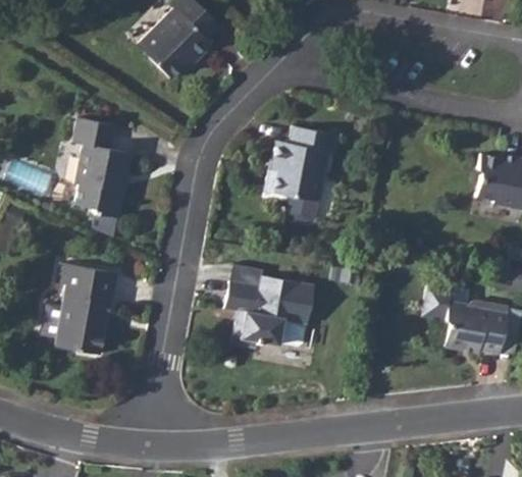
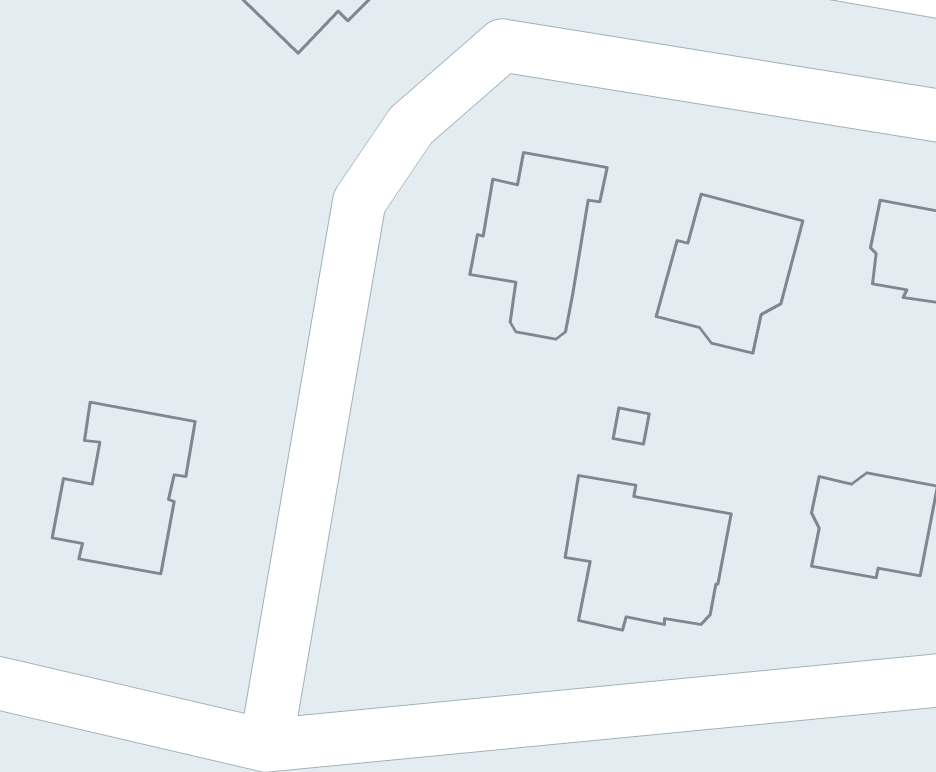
building: [72,117,130,217] -> none
building: none -> [656,194,803,353]
building: [228,266,317,349] -> [565,476,731,630]

